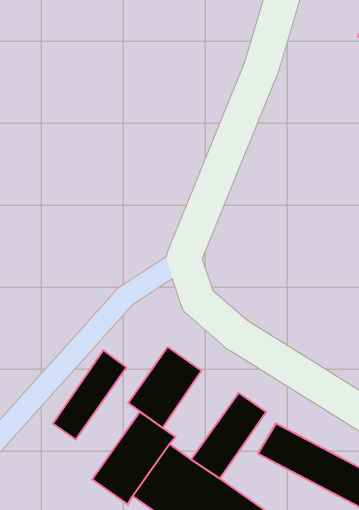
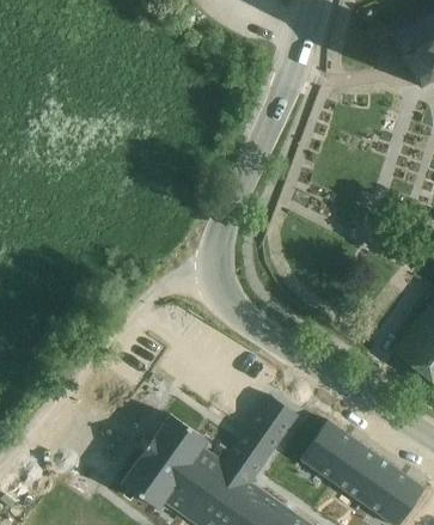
building: [128,347,202,428] -> none
building: [53,350,126,440] -> none

